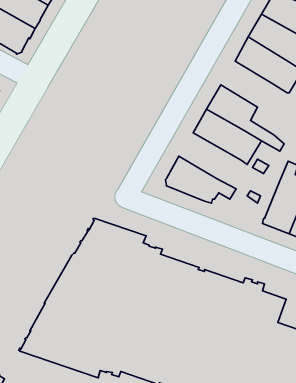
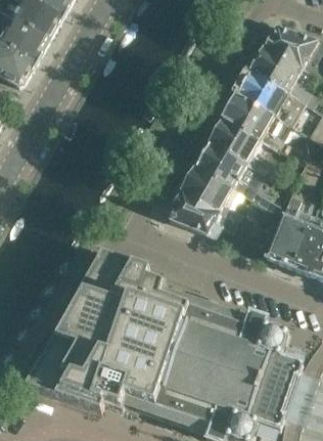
building: none -> [223,93,289,149]
building: none -> [181,165,243,221]

